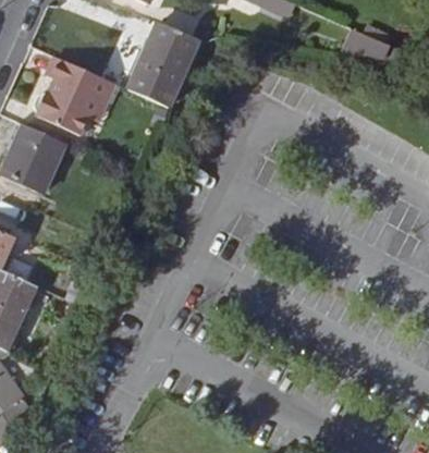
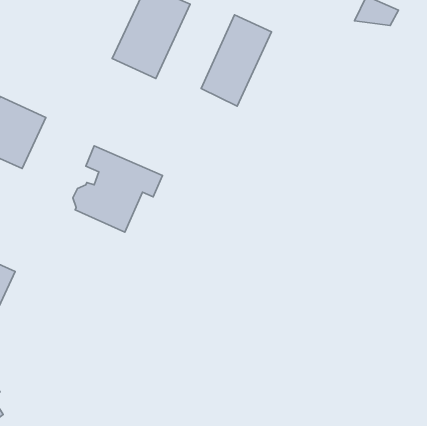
building: none -> [201,15,272,106]
building: [33,56,115,135] -> [73,146,163,232]

